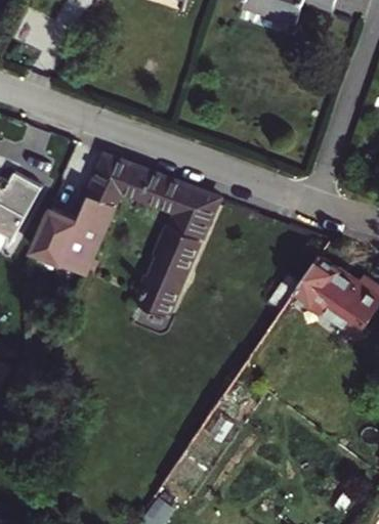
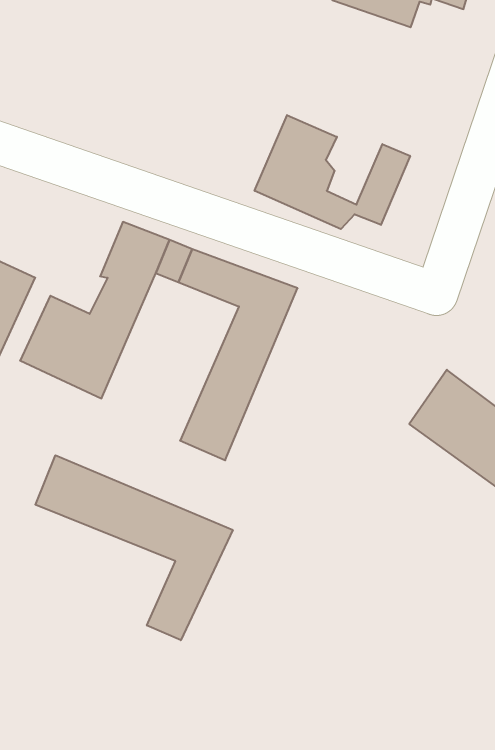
building: none -> [255,115,410,229]
building: none -> [35,455,233,640]

